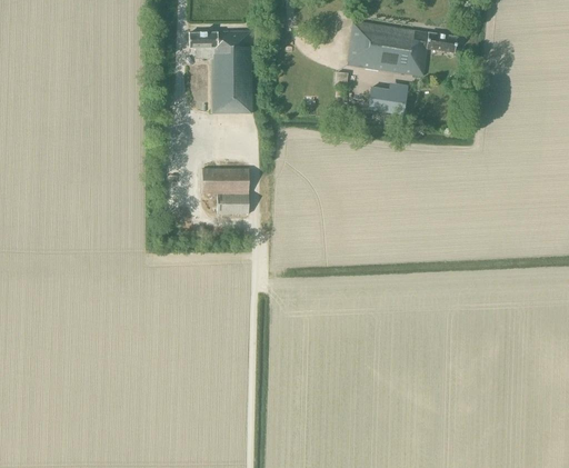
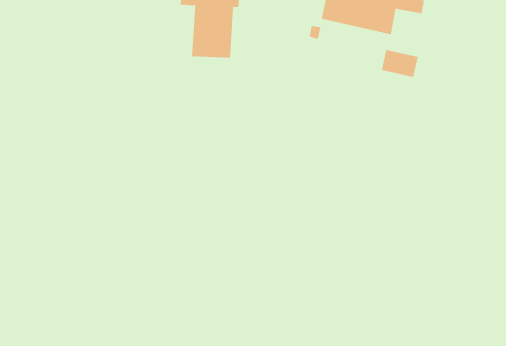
building: [368,87,407,114] -> [381,50,418,77]
building: [202,169,249,215] -> none

